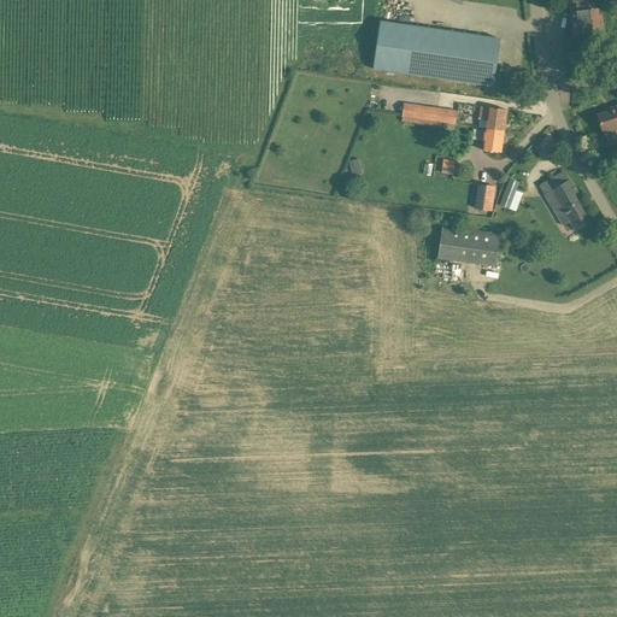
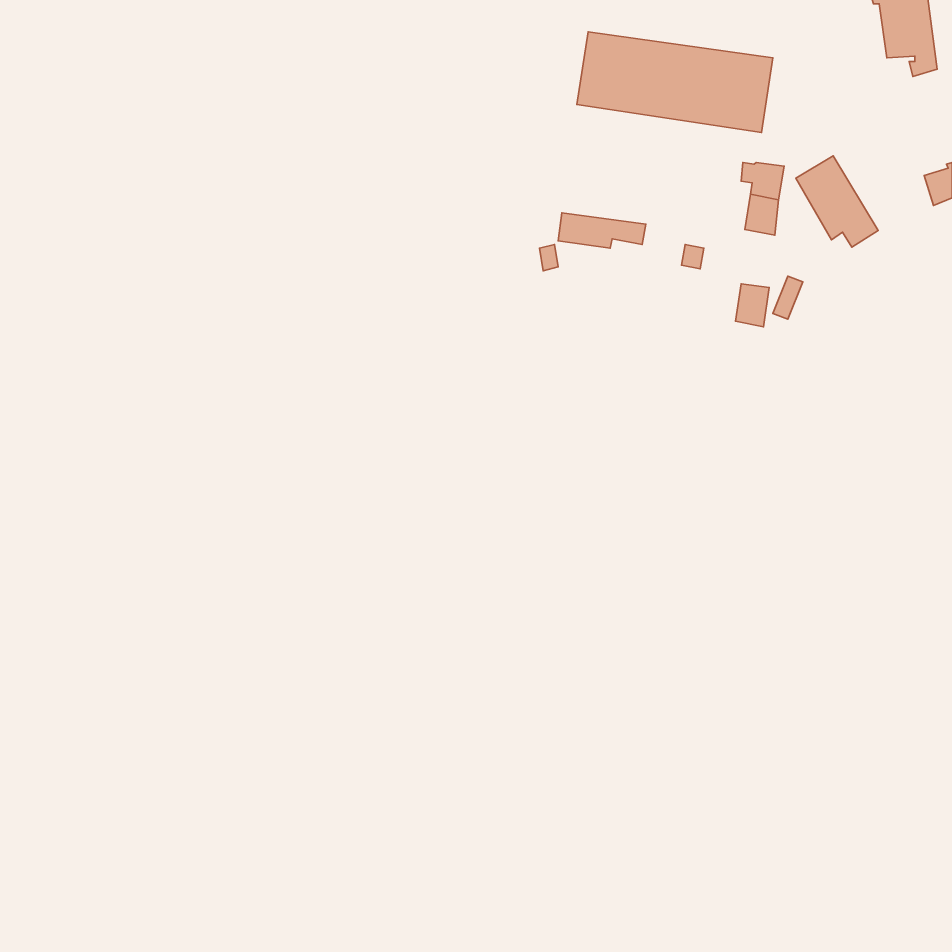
building: [400,102,457,125] -> [558,213,646,248]
building: [539,170,592,229] -> [796,156,878,247]
building: [436,224,500,266] -> none

